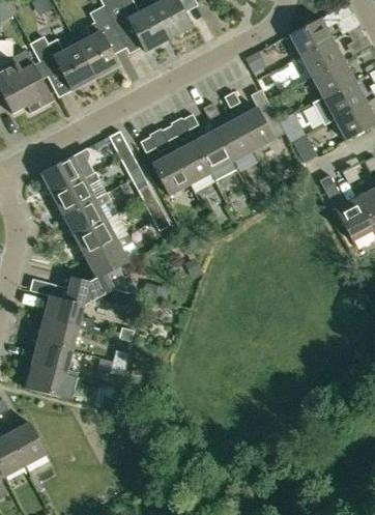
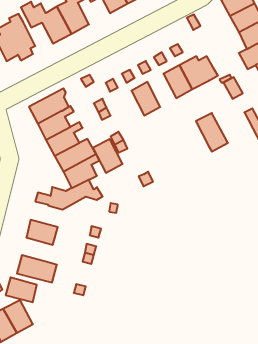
building: [194,130,235,179] -> [196,113,228,152]
building: [151,151,190,195] -> [93,139,123,173]
building: [42,294,93,331] -> none
building: [31,341,71,373] -> [6,277,37,302]

